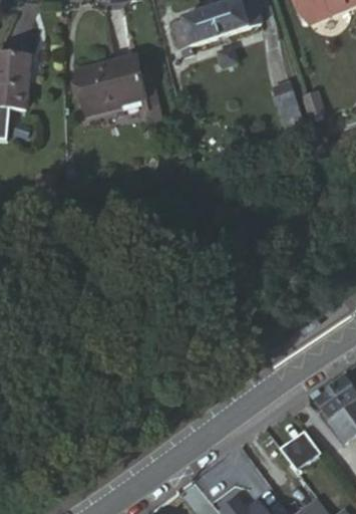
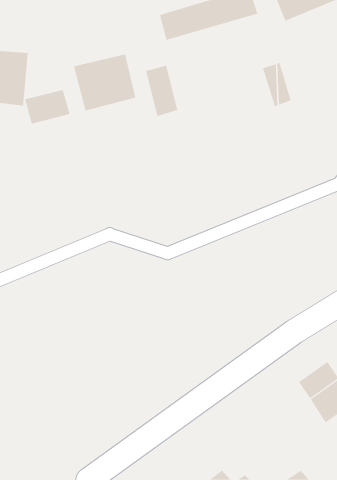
building: none -> [145,65,178,117]
building: none -> [24,89,70,124]
building: [279,428,320,469] -> none

